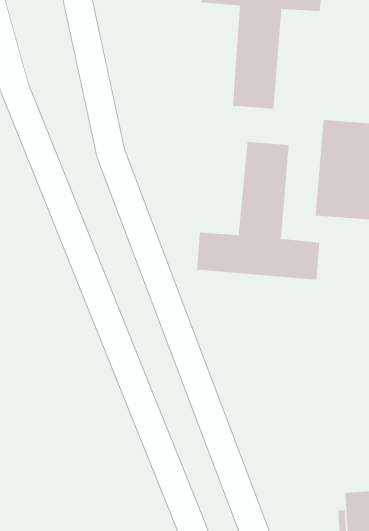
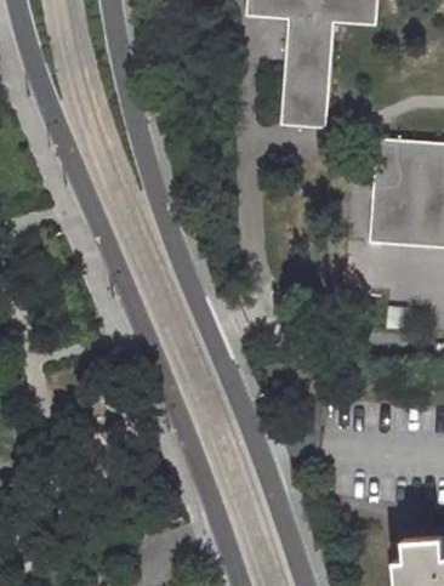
building: [196,141,320,280] -> none

